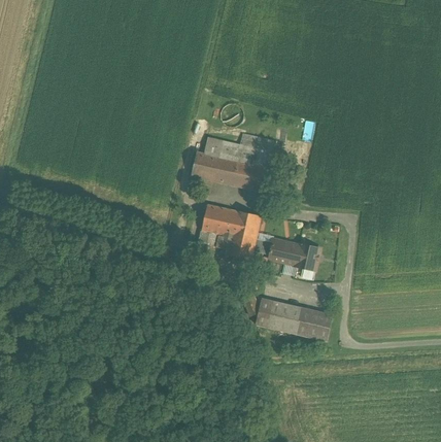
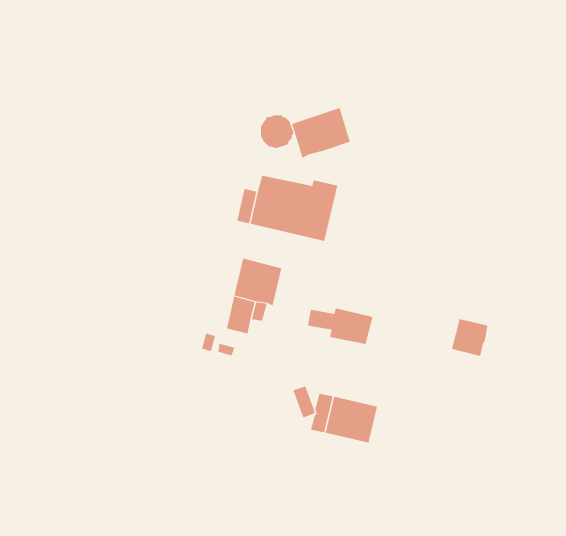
building: none -> [292,107,351,158]
building: [224,208,258,258] -> none
building: [292,242,317,269] -> [451,318,488,356]
building: [294,306,330,339] -> none

